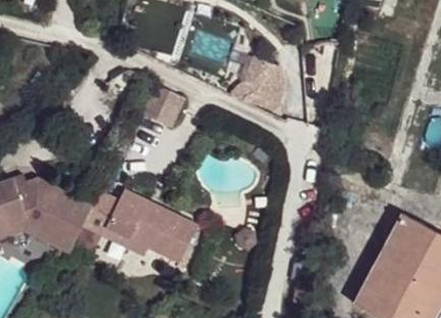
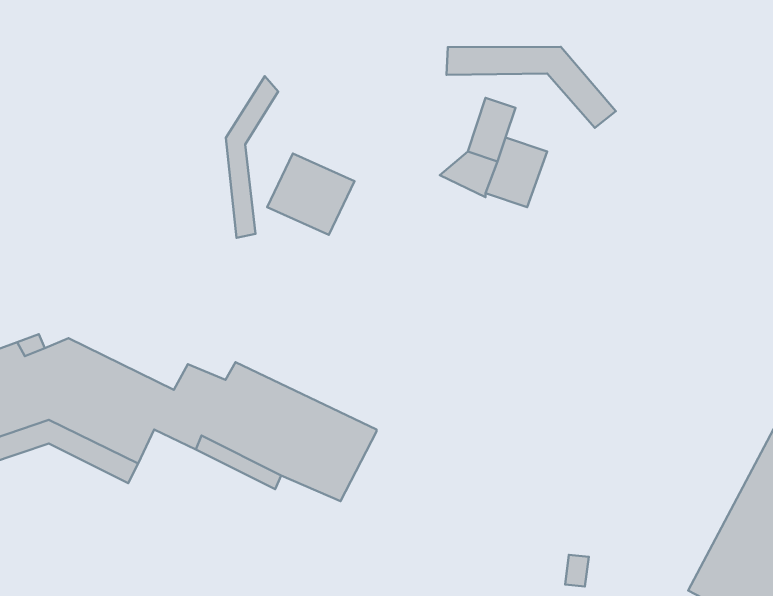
building: none -> [446,47,616,128]
building: none -> [226,76,278,238]

